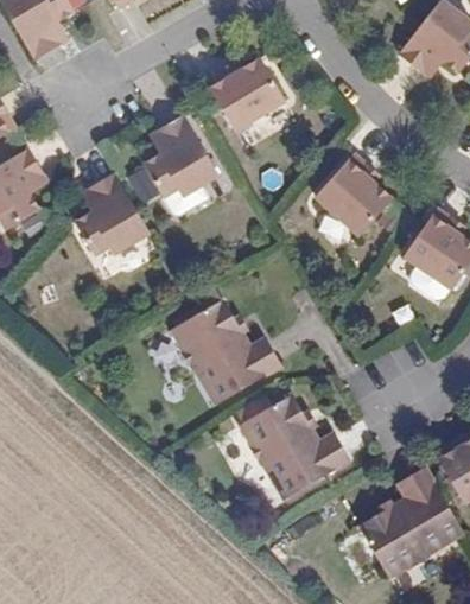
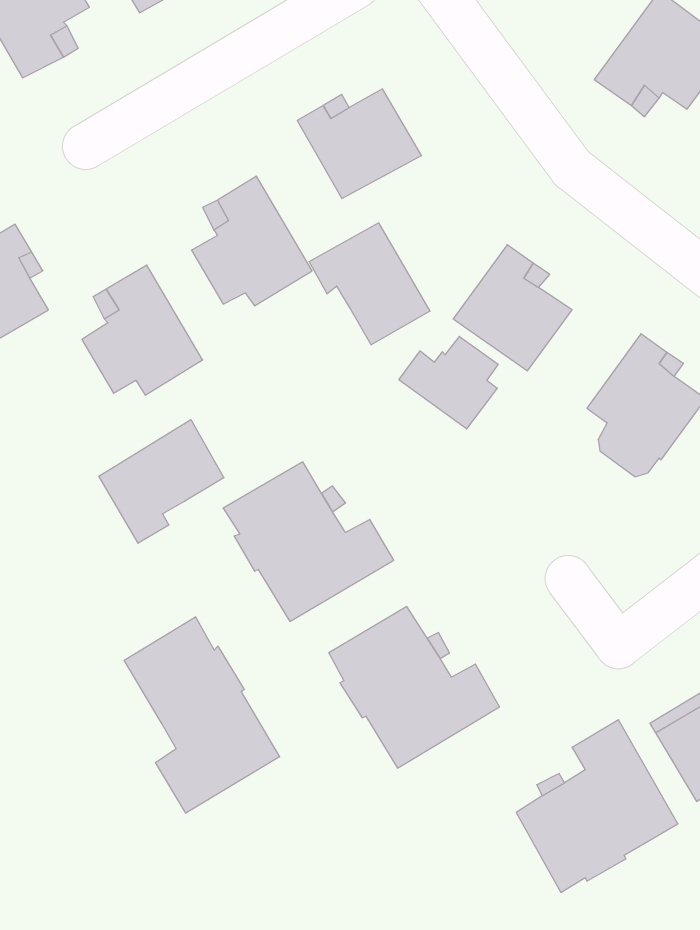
building: none -> [309,223,430,345]
building: none -> [399,336,498,429]
building: none -> [99,420,224,543]
building: none -> [124,617,280,813]

